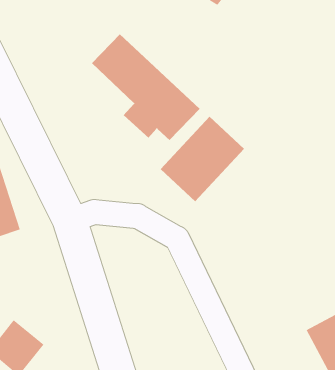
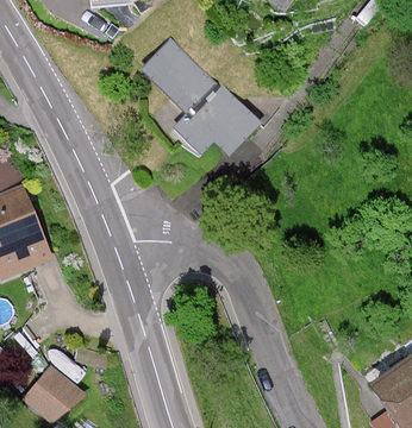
building: [160,116,245,202] -> none

